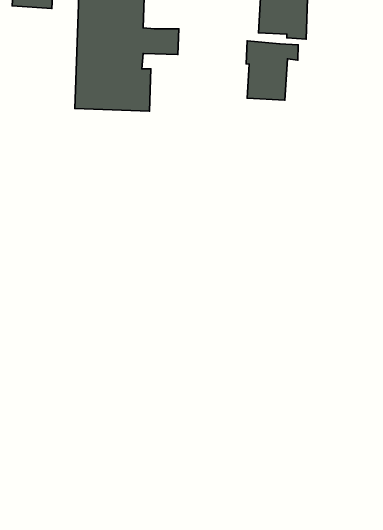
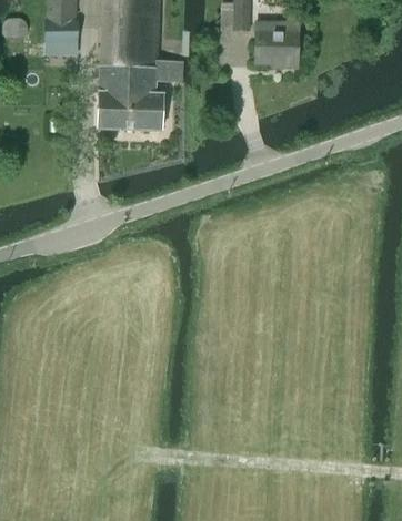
building: [246,41,298,100] -> none

